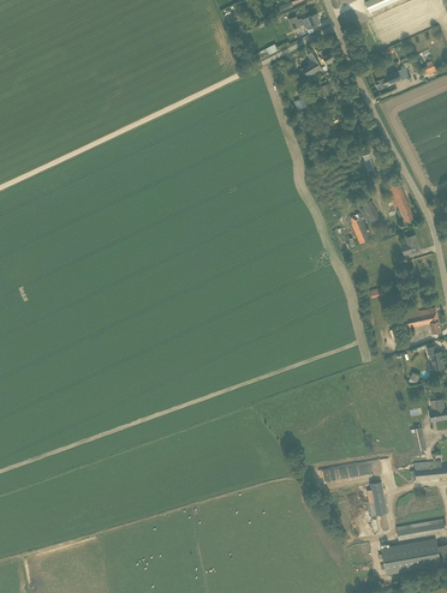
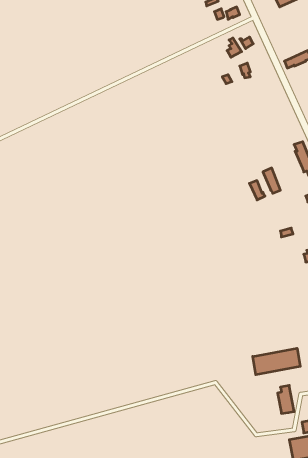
building: none -> [253,348,300,375]

